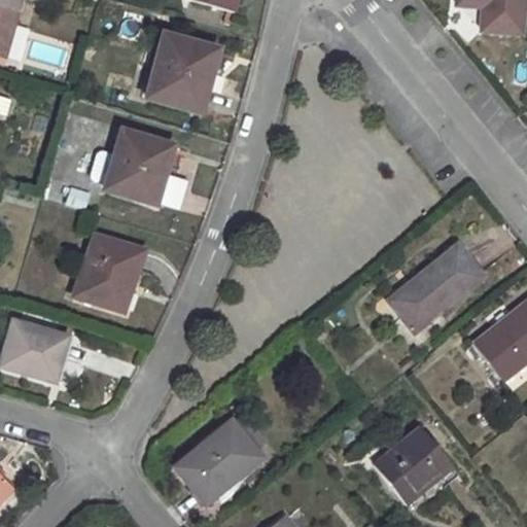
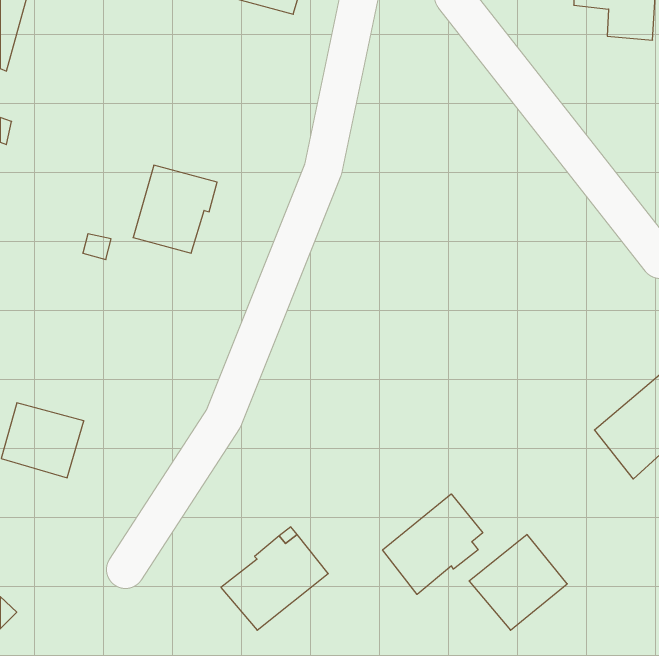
building: [147,34,218,110] -> none
building: [75,235,145,310] -> none
building: [392,246,481,331] -> none
building: none -> [383,494,483,594]

